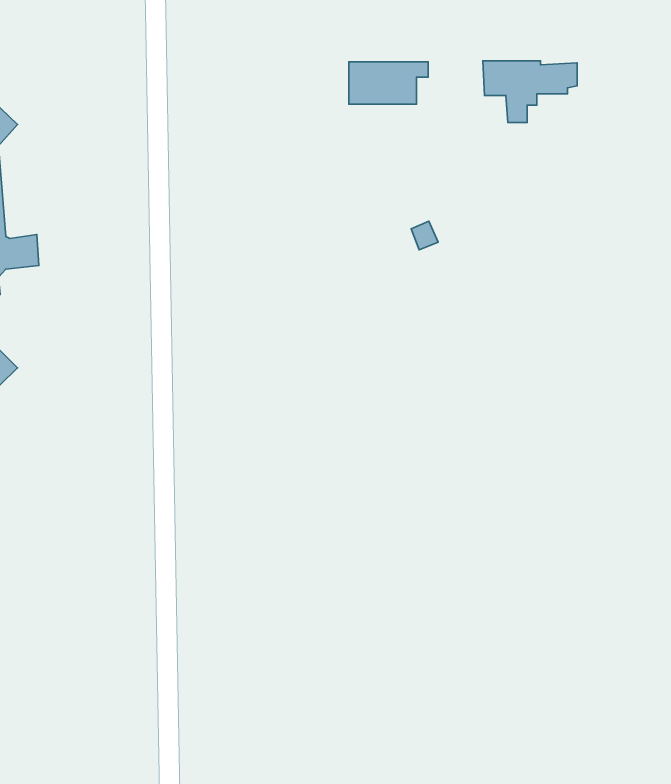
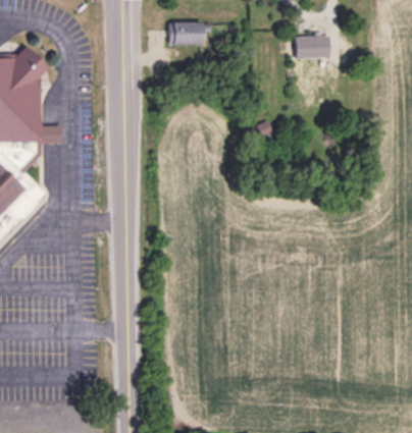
building: [349,62,428,104] -> [165,21,207,44]

